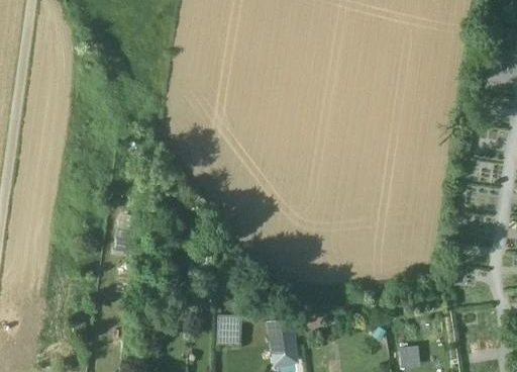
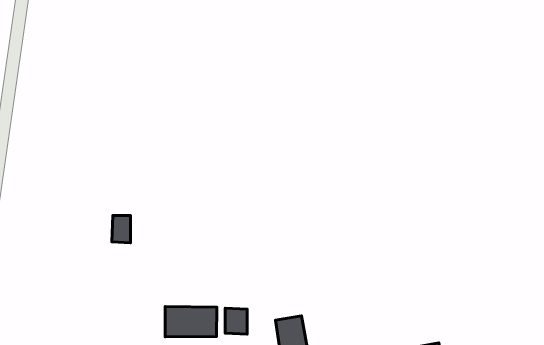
building: none -> [165,306,217,337]

